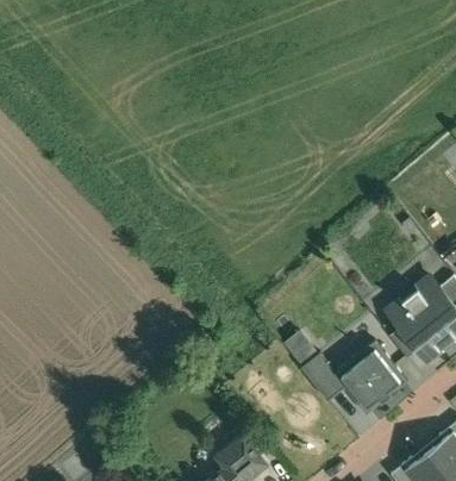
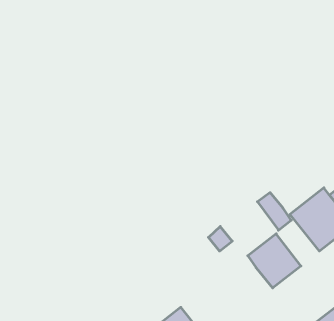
building: [299,349,343,398] -> [257,193,291,230]

